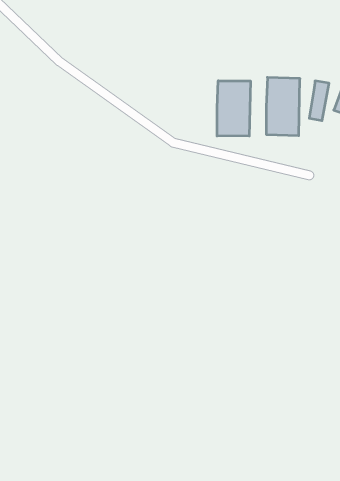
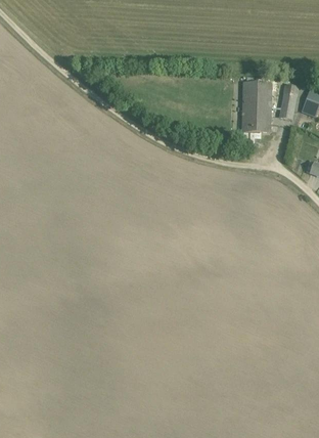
building: [217,81,250,136] -> none

